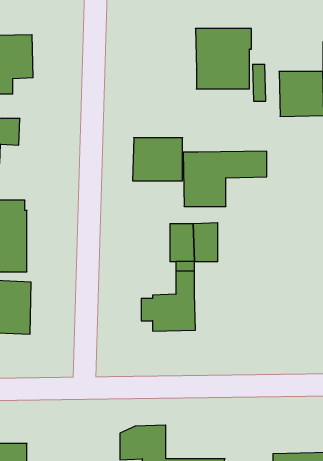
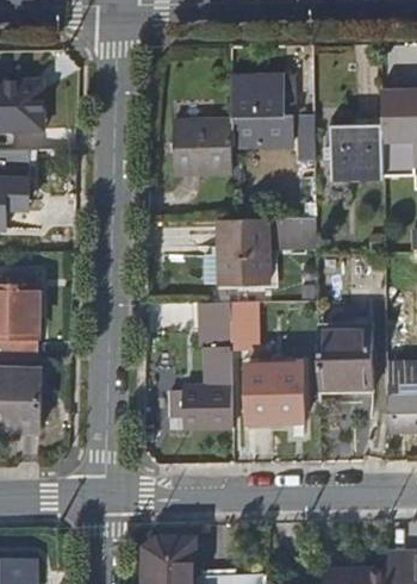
building: [133,138,183,181] -> [175,122,234,172]
building: none -> [317,313,372,402]
building: none -> [245,364,303,422]

